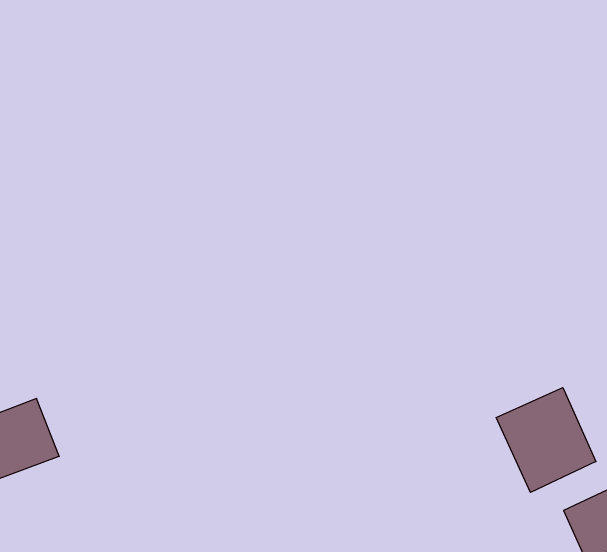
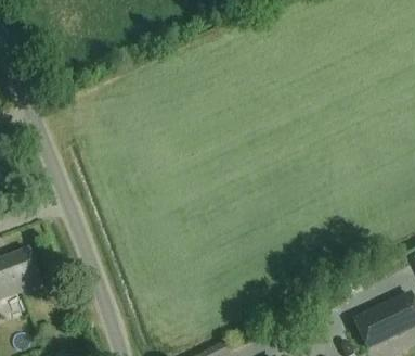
building: [496,388,596,492] -> none

